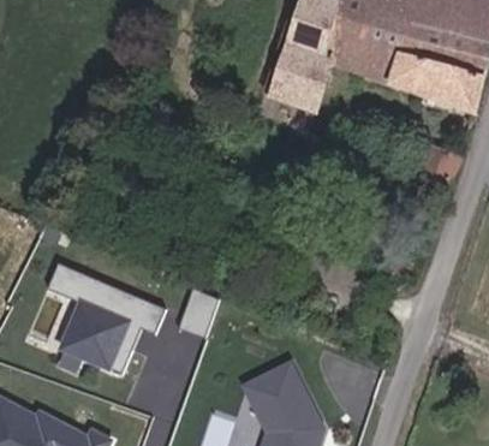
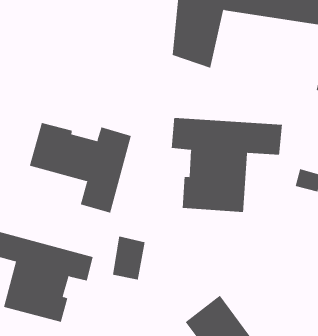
building: none -> [29,122,132,213]
building: none -> [171,117,282,213]

